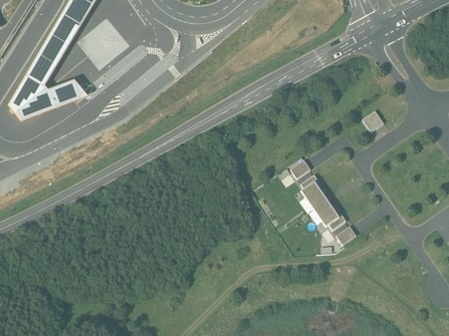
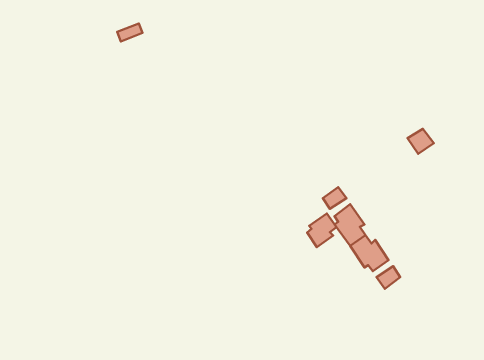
building: none -> [307,214,337,247]

